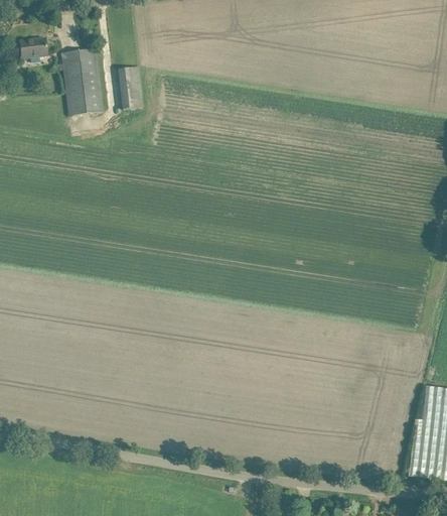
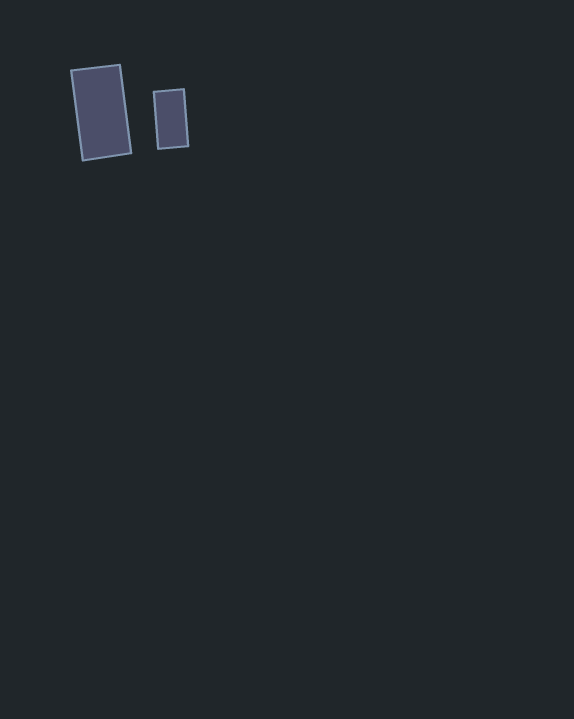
building: [20,37,47,58] -> none

